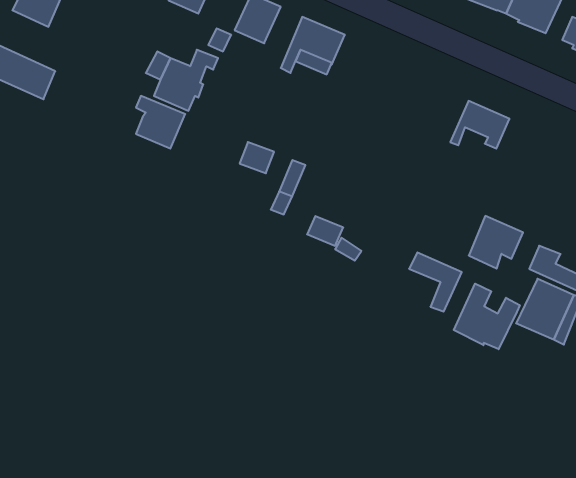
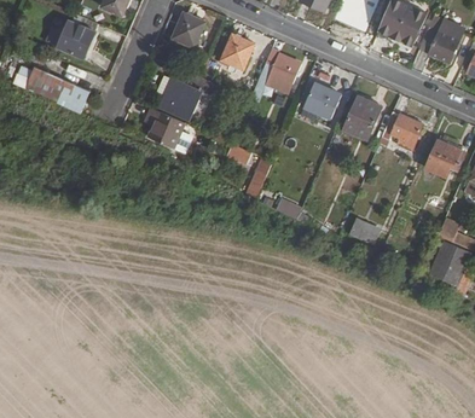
building: none -> [302,82,340,118]
building: none -> [343,94,381,138]
building: [469,216,523,269] -> [424,138,464,176]
building: [454,284,520,349] -> none

